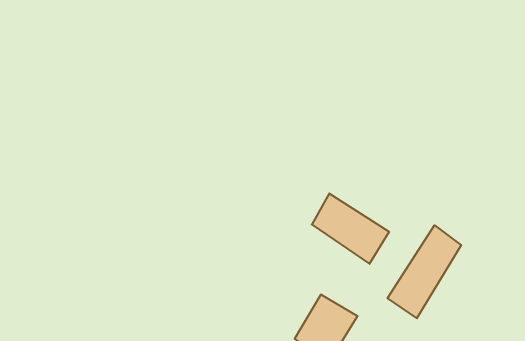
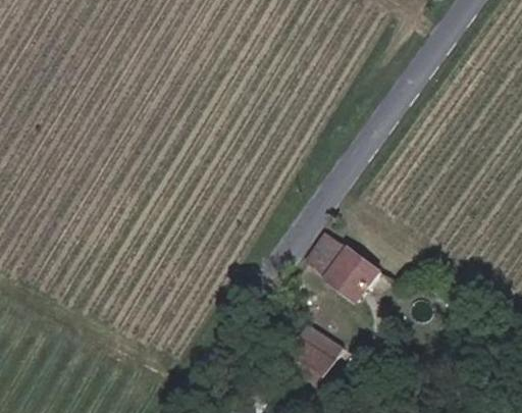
building: [388,225,461,318] -> none

